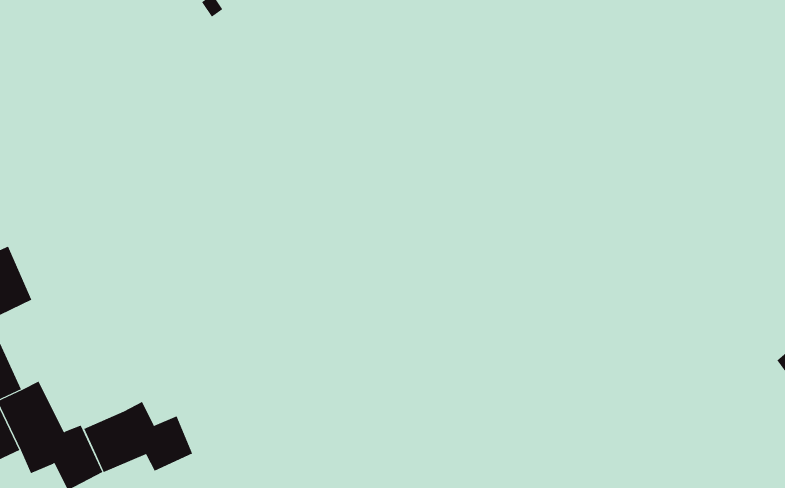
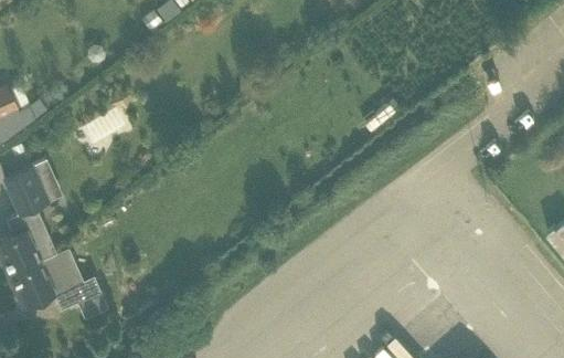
building: [83,401,193,473] -> none

